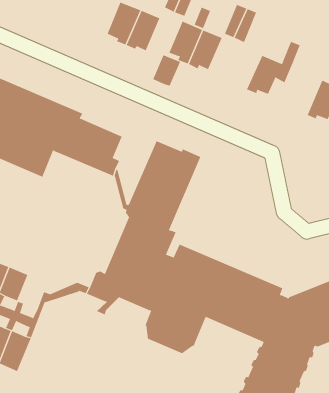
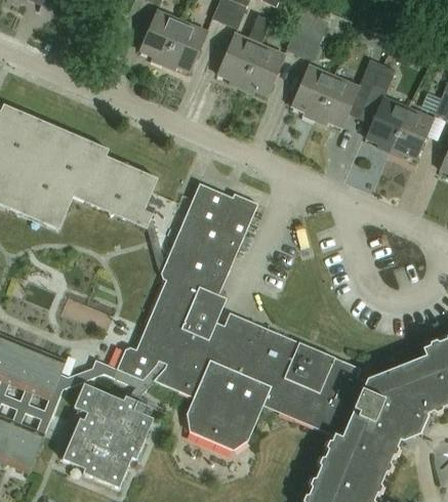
building: none -> [362,65,408,152]
building: none -> [291,66,333,120]
building: [152,54,181,87] -> none
building: none -> [28,351,66,393]
building: none -> [64,384,154,488]

